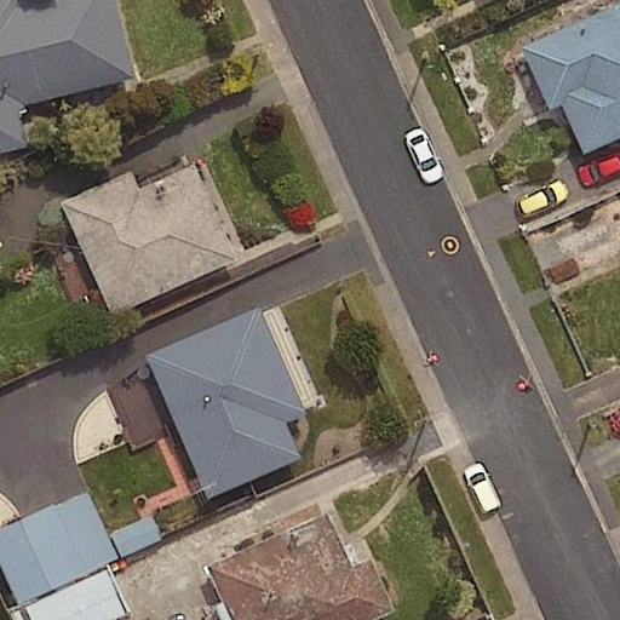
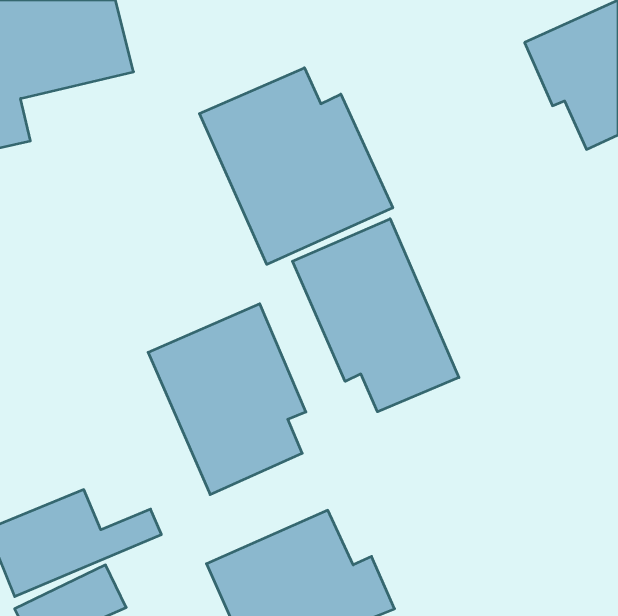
building: none -> [199,68,393,264]
building: [61,165,237,316] -> none
building: none -> [292,219,459,412]

